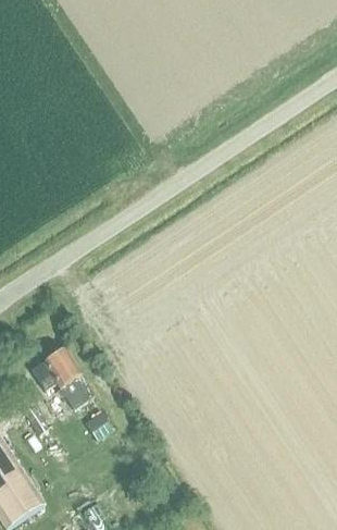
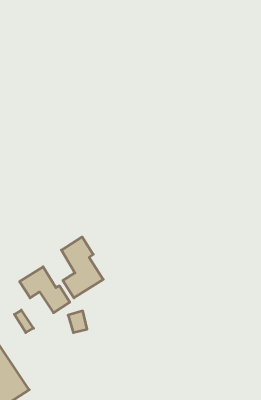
building: none -> [61,237,103,298]

